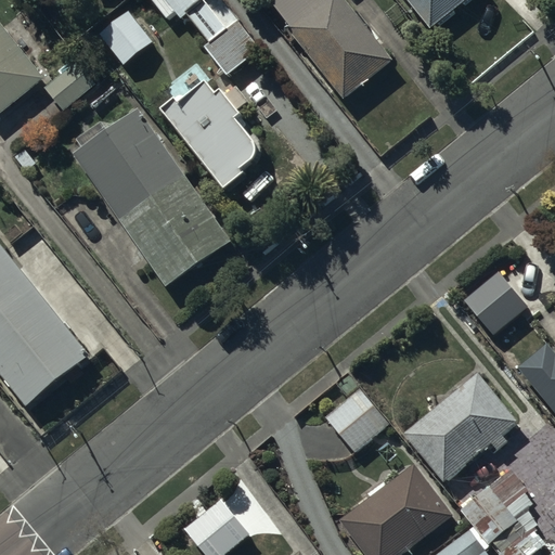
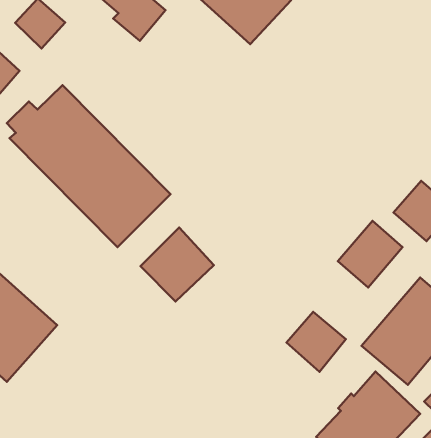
building: [160,81,257,192] -> none
building: none -> [140,227,214,302]
building: none -> [338,221,403,287]

